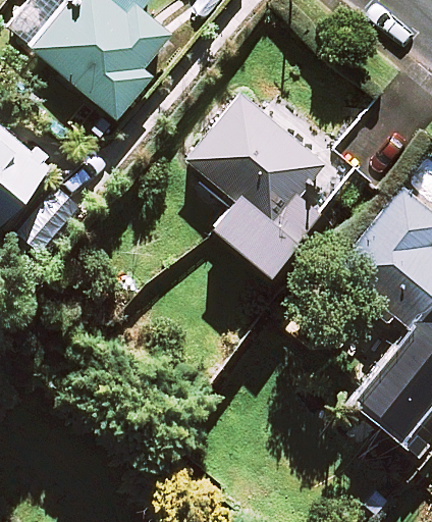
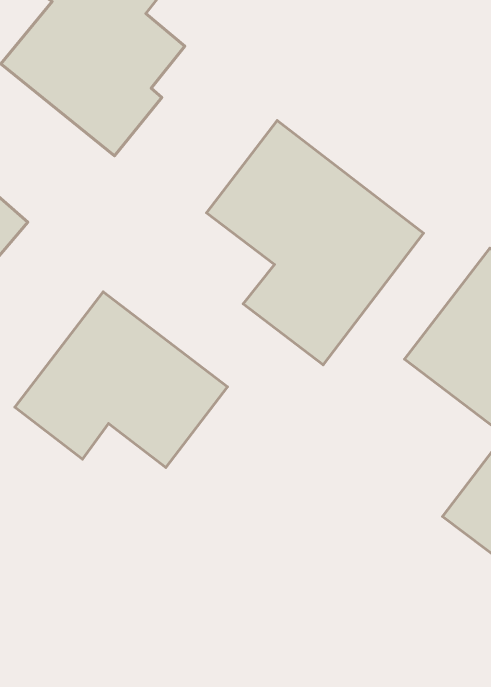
building: none -> [15,292,228,468]

